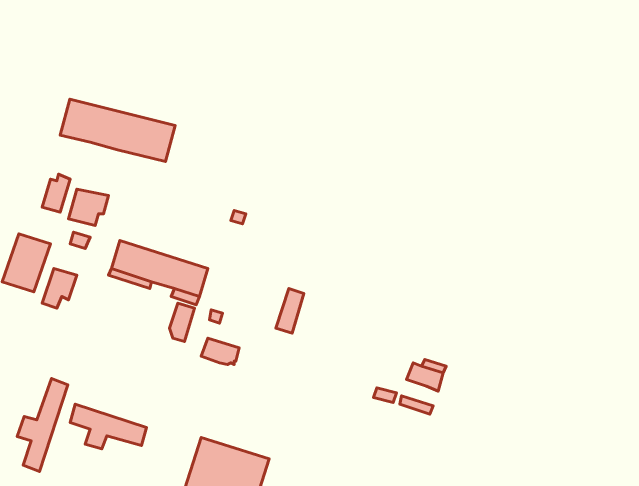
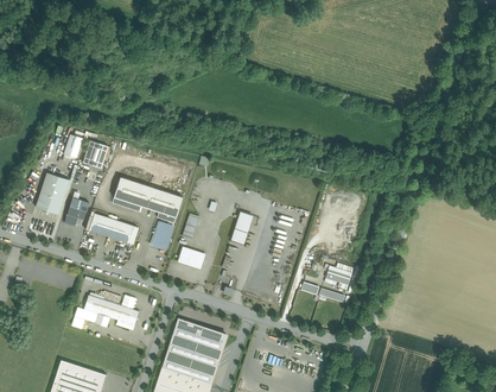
building: [60,99,175,161] -> none
building: none -> [88,213,133,242]
building: [17,378,68,472] -> none

